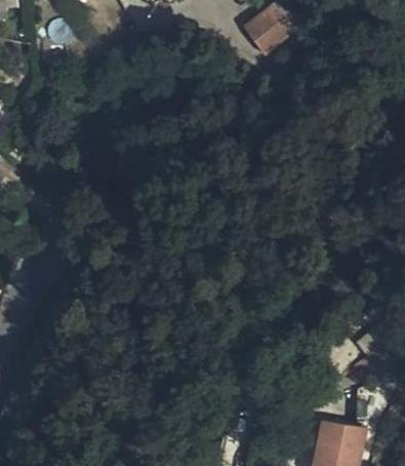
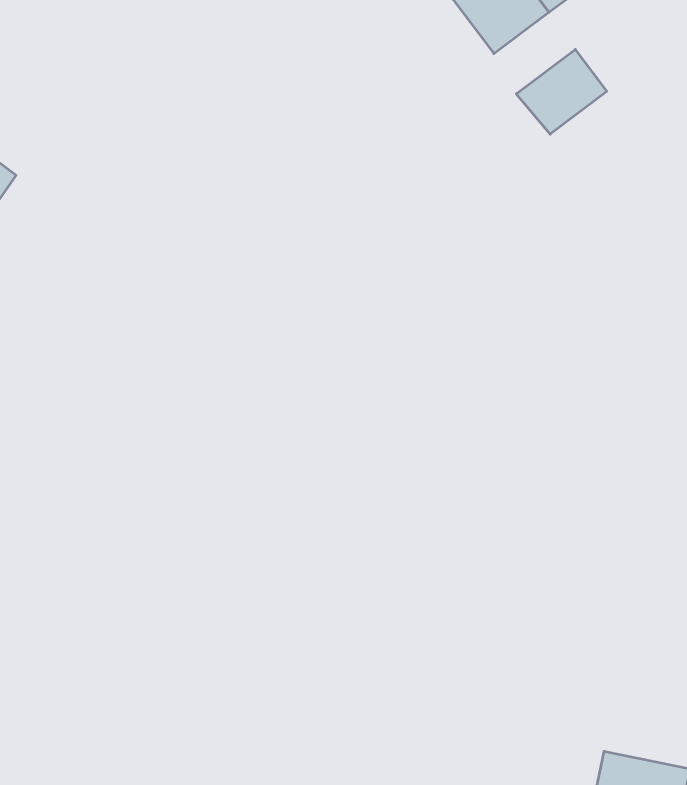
building: none -> [516,49,607,134]

